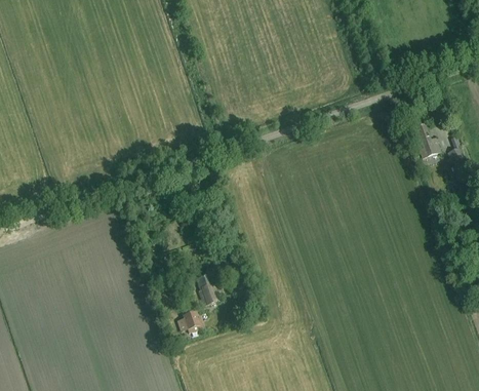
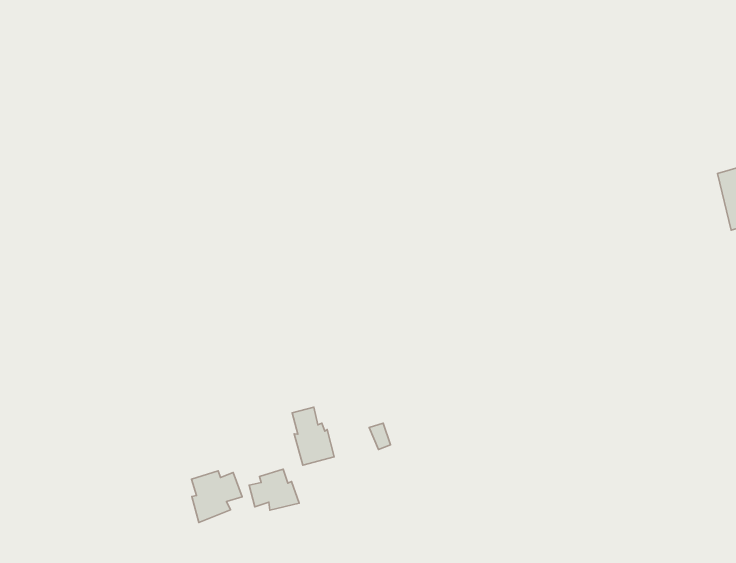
building: none -> [192,471,242,522]

